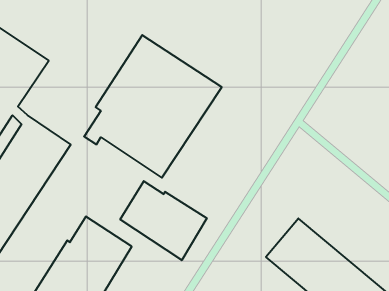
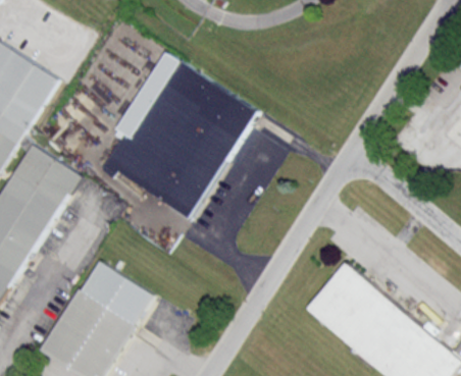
building: [120,181,207,260] -> none

